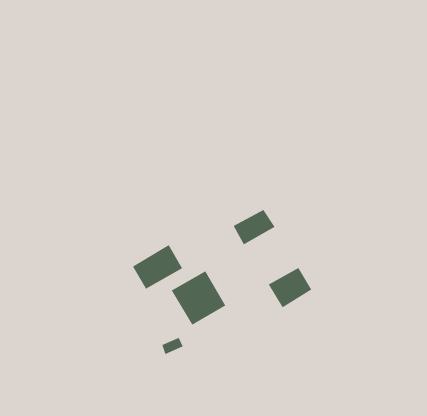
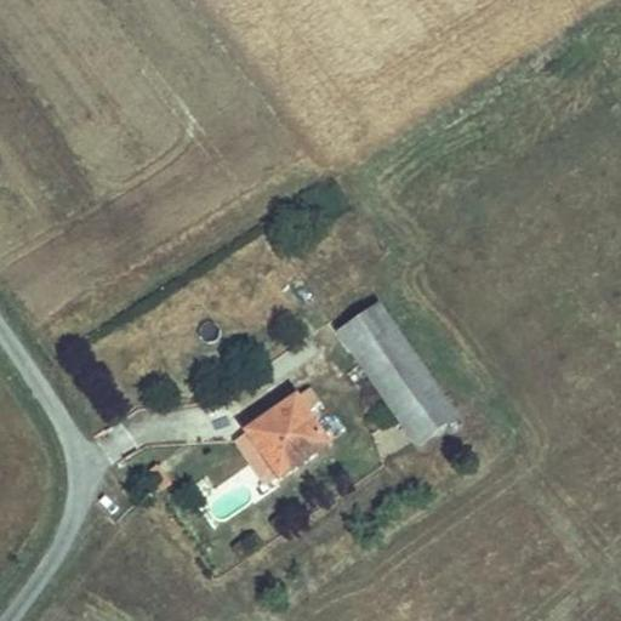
building: none -> [354,329,434,412]
building: [132,244,183,289] -> none

